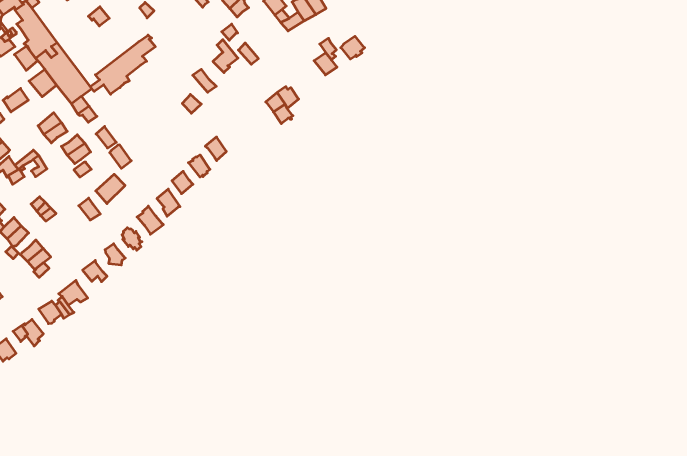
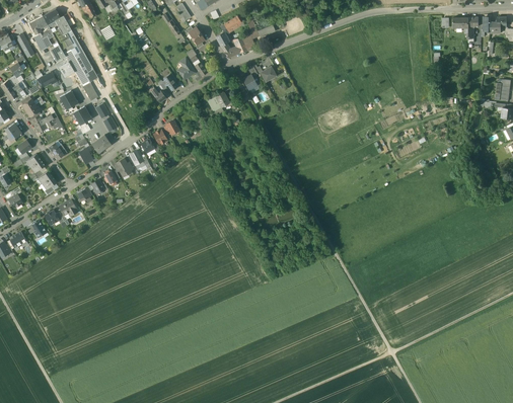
building: [90,35,155,94] -> none

